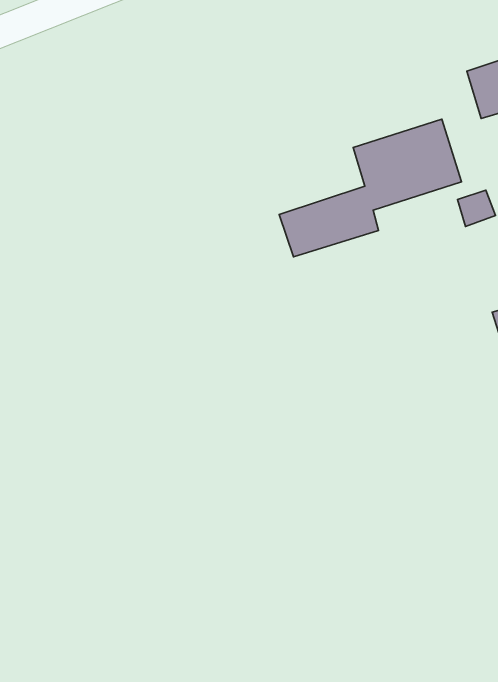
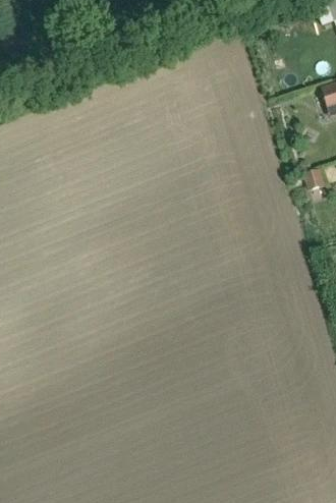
building: [279,119,462,257] -> none

